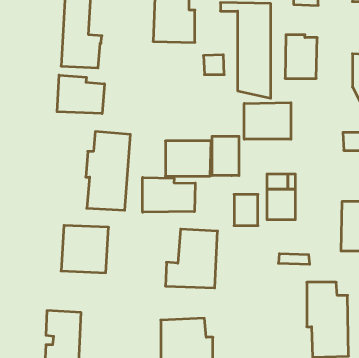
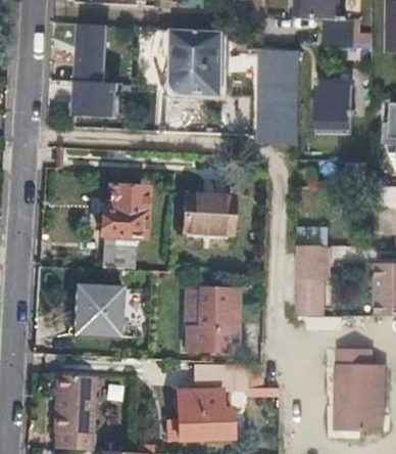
building: [57,75,104,114] -> none
building: [244,103,291,139] -> none
building: [212,136,239,176] -> none
building: [143,177,195,212] -> none
building: [234,194,258,226] -> [294,280,319,314]

